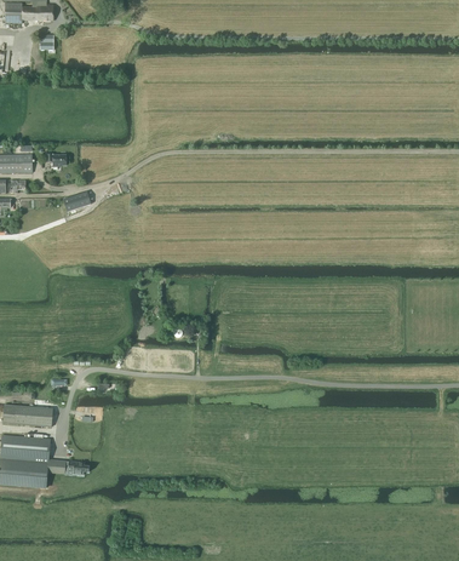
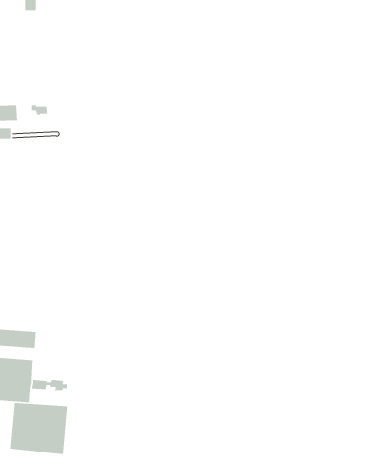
building: none -> [10,402,68,455]

